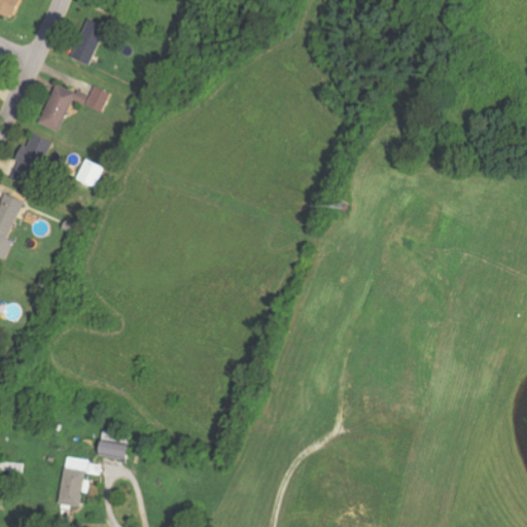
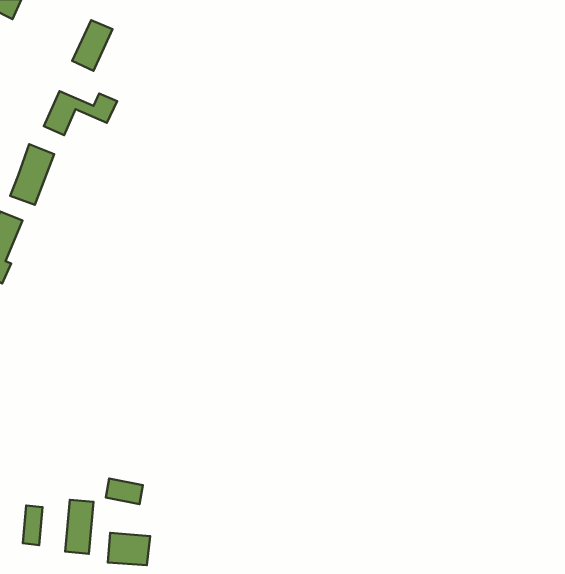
building: [74,159,102,187] -> none
building: none -> [23,505,42,545]
building: none -> [108,533,150,565]

